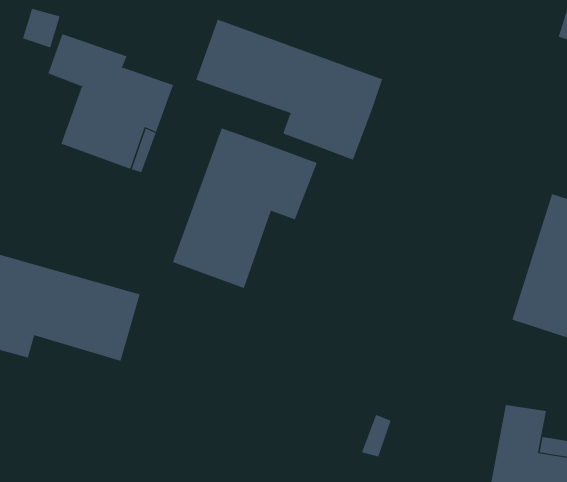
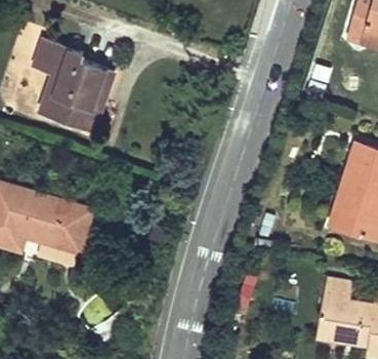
building: [195,19,383,161] -> none
building: [172,128,317,289] -> none

